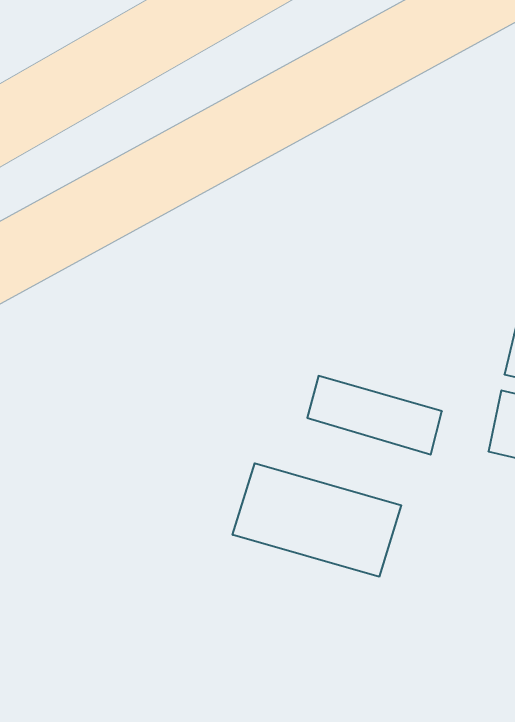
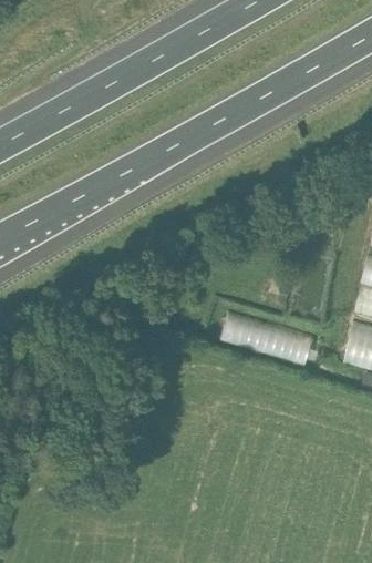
building: [233,463,401,577] -> none

